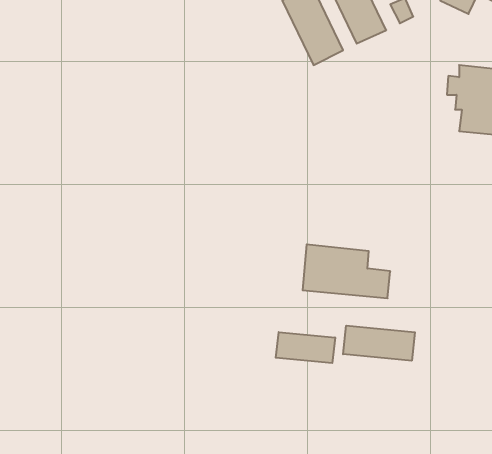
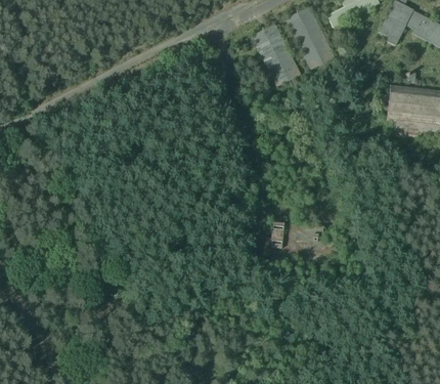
building: [343,326,415,361] -> none
building: [276,332,335,363] -> none

